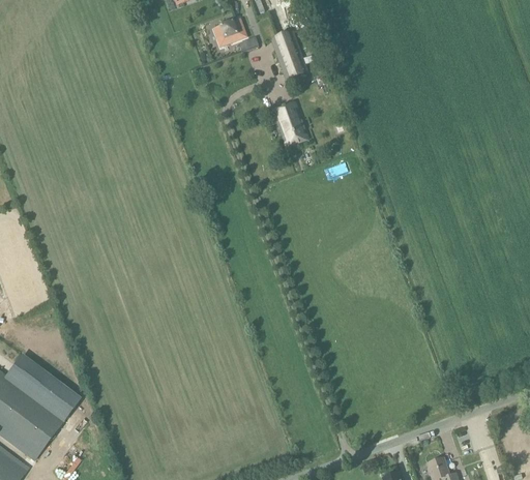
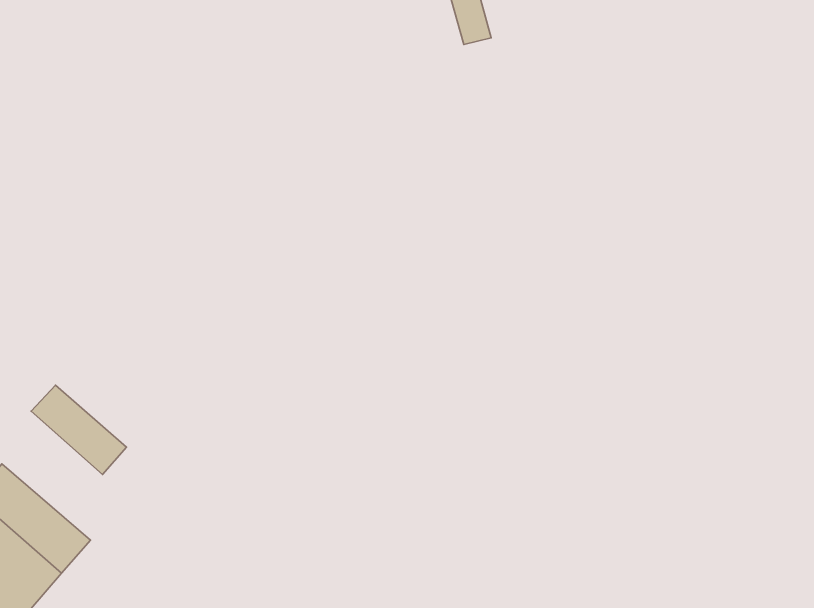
building: [273,101,308,146] -> none
building: none -> [31,385,126,474]

